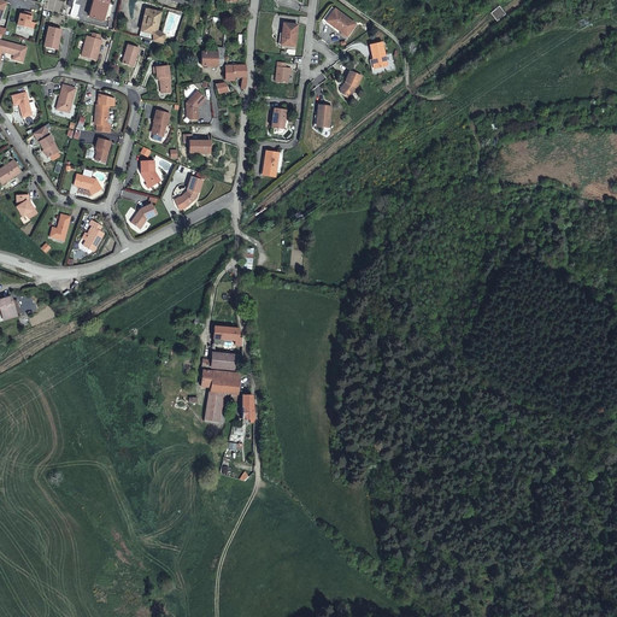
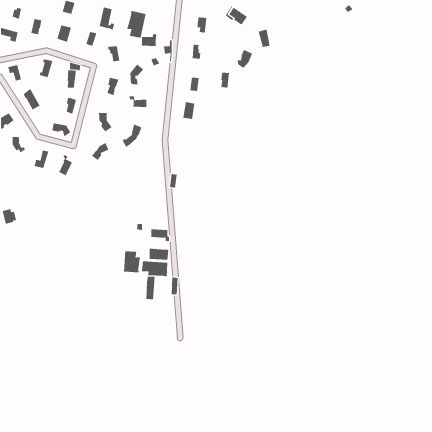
building: none -> [126,10,146,39]
building: none -> [124,251,141,273]

